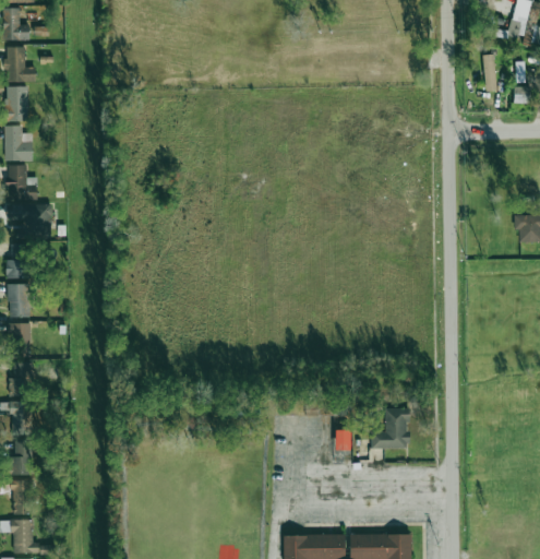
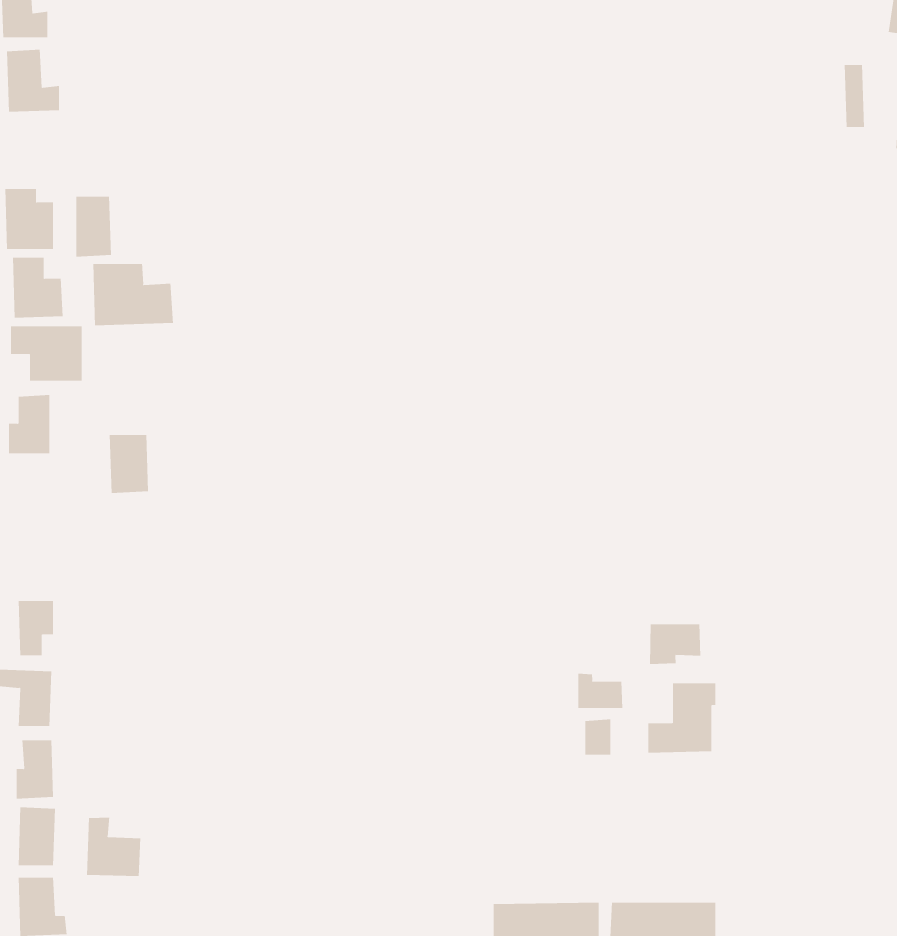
building: [8,86,28,121] -> [76,196,112,257]
building: none -> [93,263,173,326]
building: [8,284,31,318] -> [109,434,149,493]
building: [9,323,31,346] -> none
building: none -> [650,623,701,665]
building: none -> [578,673,623,709]
building: none -> [87,817,141,877]

